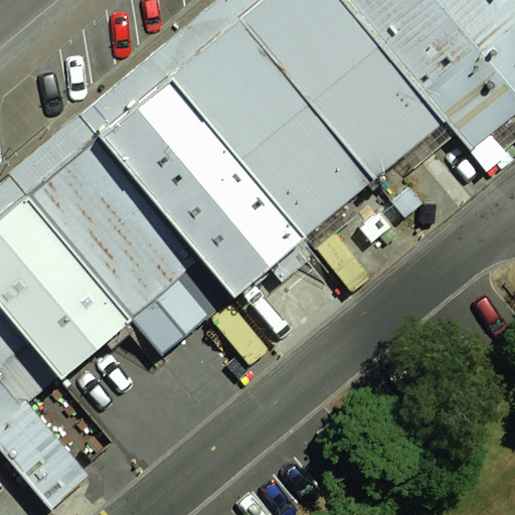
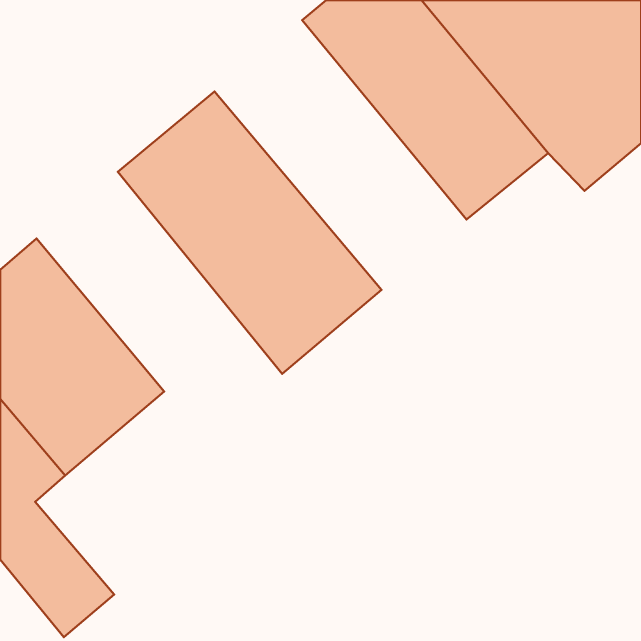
building: [172,16,374,232] -> none
building: [29,138,226,351] -> none

